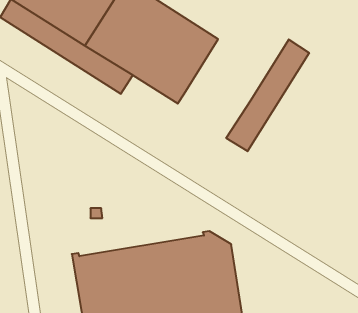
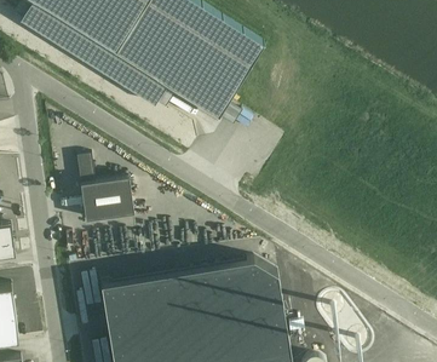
building: [226,39,309,151] -> none
building: none -> [76,156,133,222]

